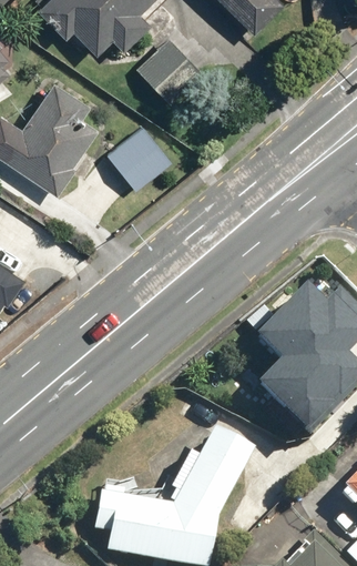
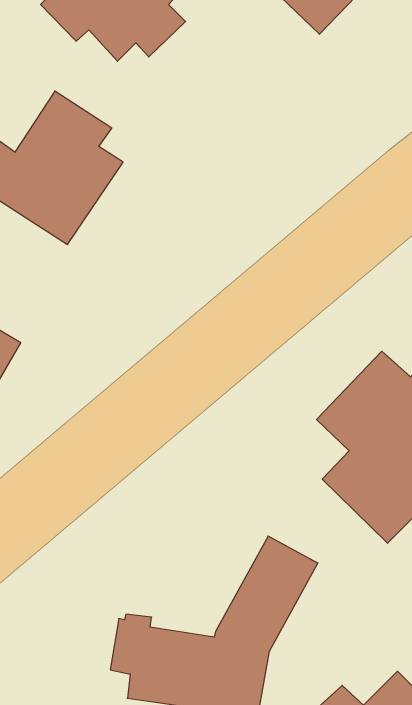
building: [135,38,202,103] -> none
building: [109,122,178,192] -> none

